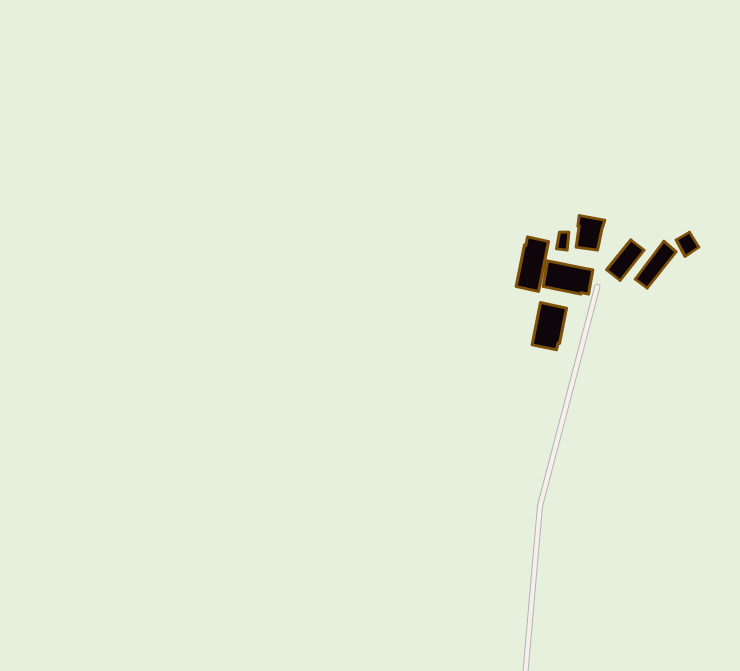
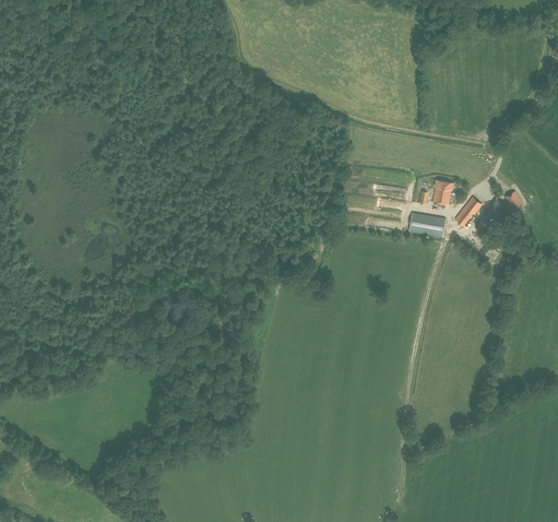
building: [516,237,548,292] -> none
building: [532,302,567,350] -> none

